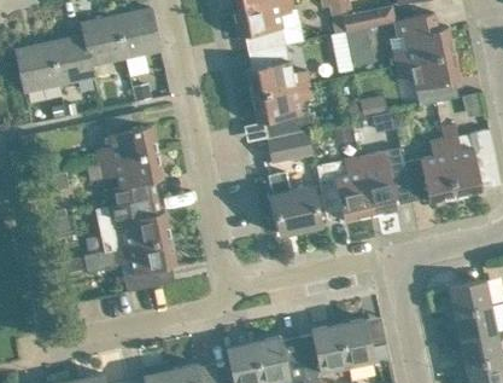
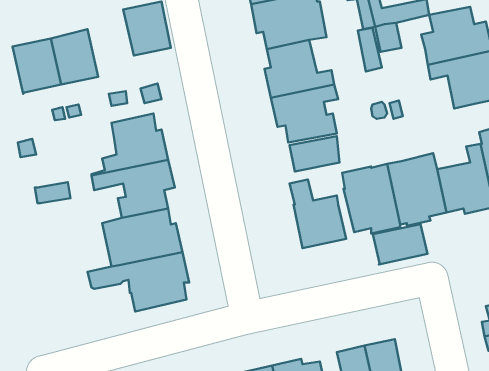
building: [81,16,125,77] -> none
building: none -> [373,224,428,265]

